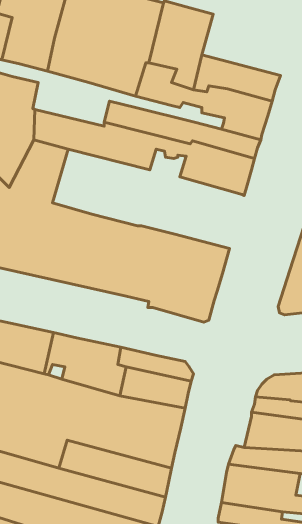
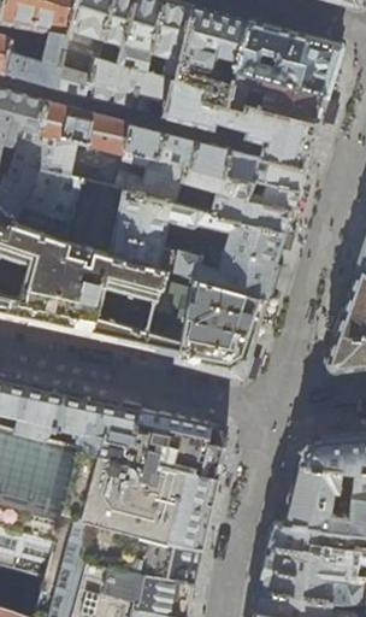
building: none -> [236,23,341,94]
building: none -> [40,102,129,153]
building: none -> [63,180,283,295]

